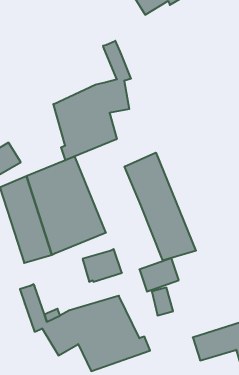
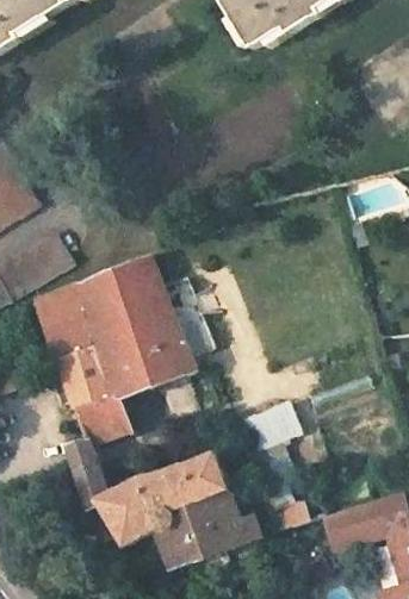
building: [53,41,131,160] -> none
building: [125,153,196,261] -> none
building: [83,249,122,282] -> [75,395,132,443]

